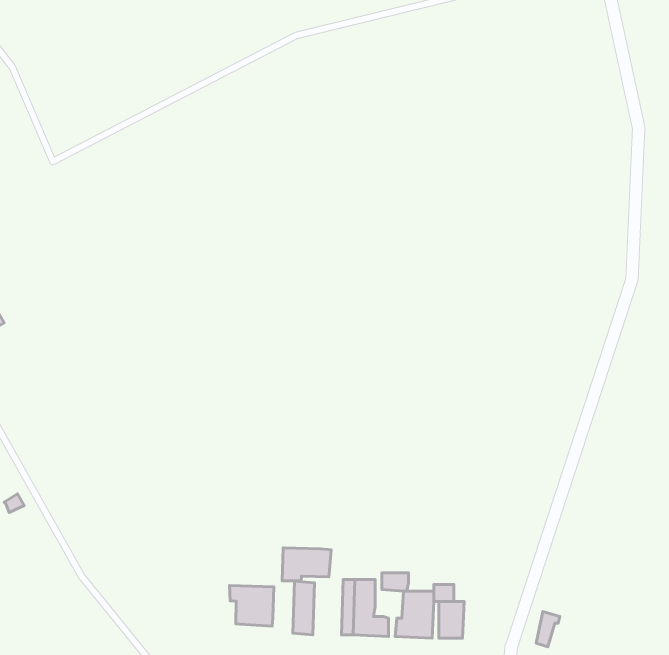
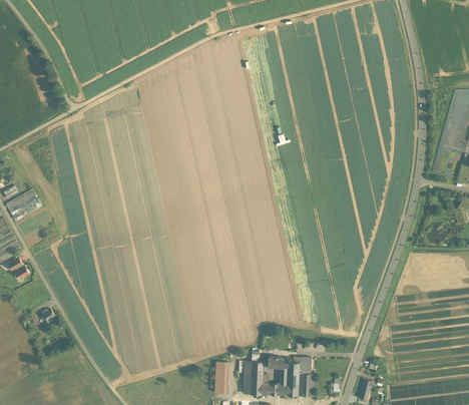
building: [282,548,331,581] -> none
building: [230,585,274,626] -> none

